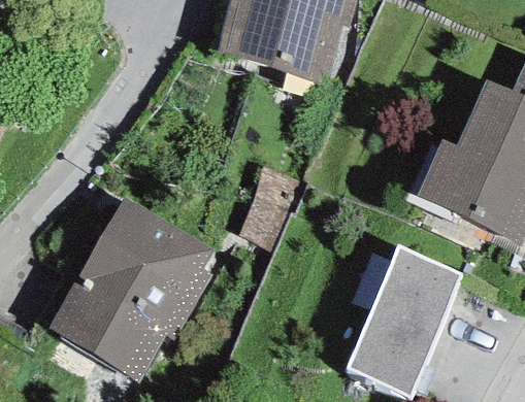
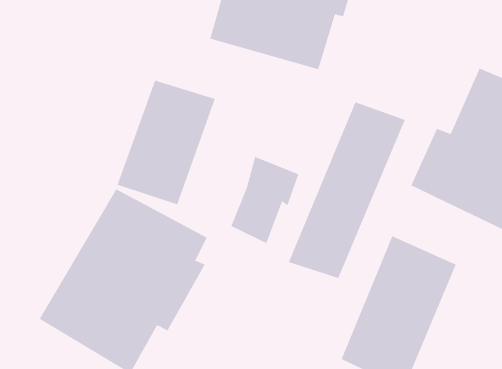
building: none -> [117,80,215,205]
building: none -> [288,101,405,279]

